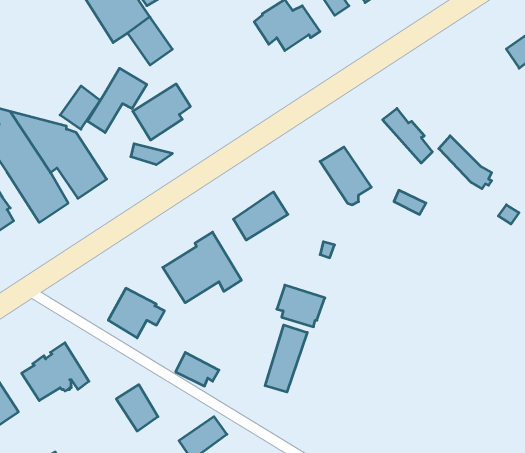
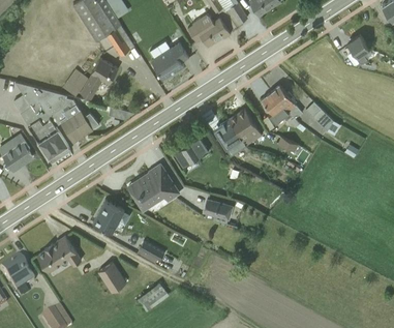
building: [133,84,190,140] -> [151,42,188,79]
building: none -> [262,91,305,132]
building: none -> [213,118,247,155]
building: [265,325,307,392] -> none

